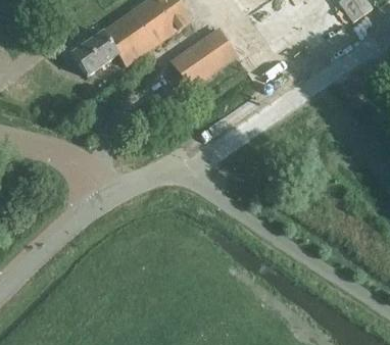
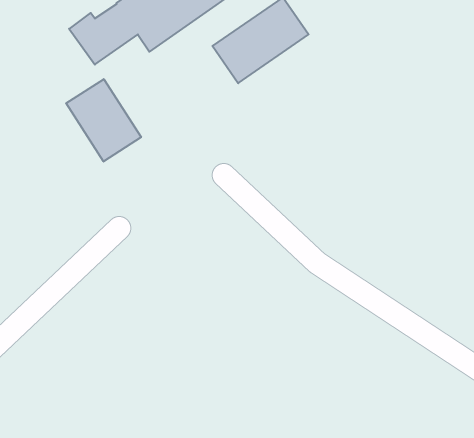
building: none -> [66,79,141,162]

